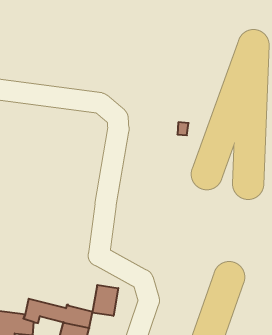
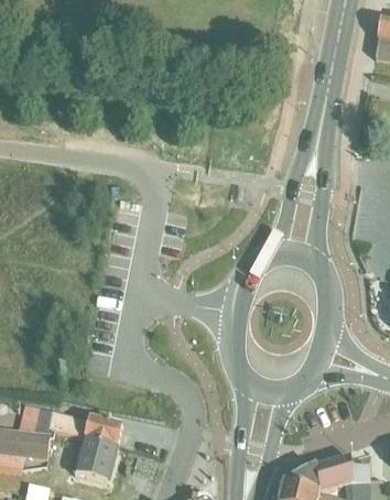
building: [92,285,118,316] -> none

